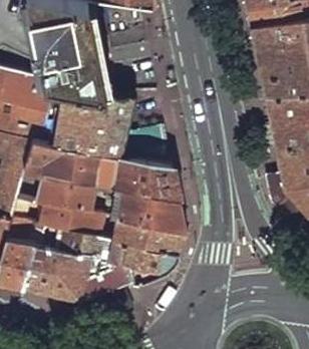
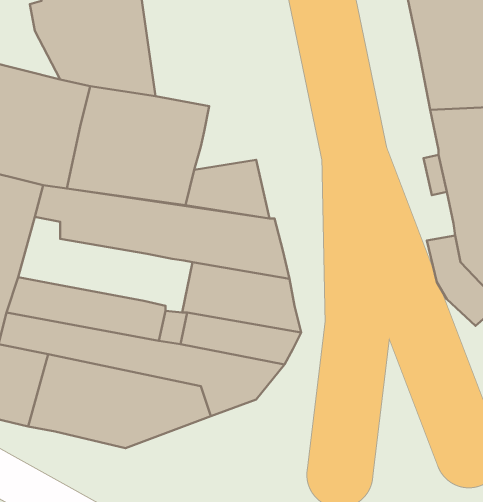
building: [40,174,96,212] -> none

